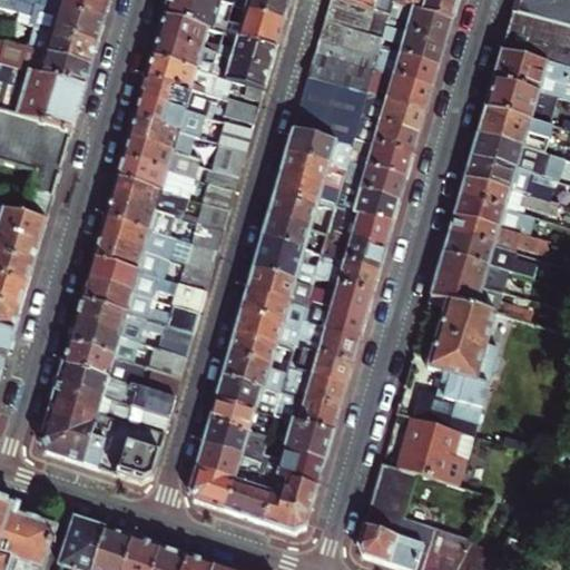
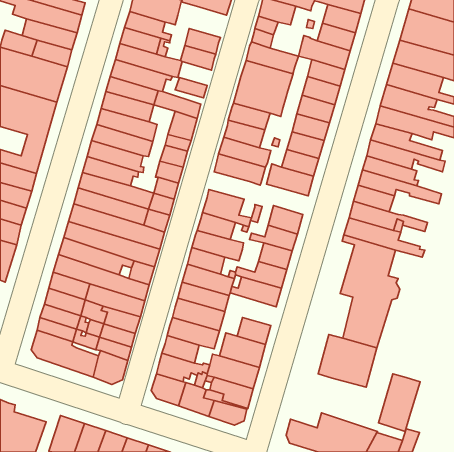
building: [219,8,284,47] -> none
building: [262,215,313,249] -> none
building: [323,235,386,268] -> none
building: [282,366,346,407] -> none
building: [364,463,416,535] -> [379,374,420,432]

